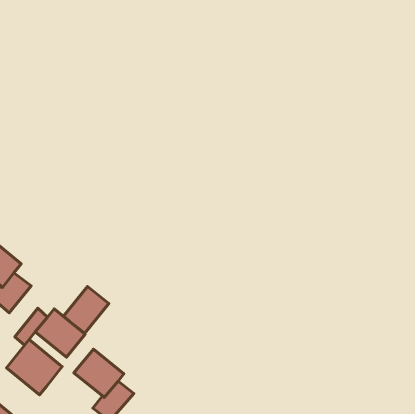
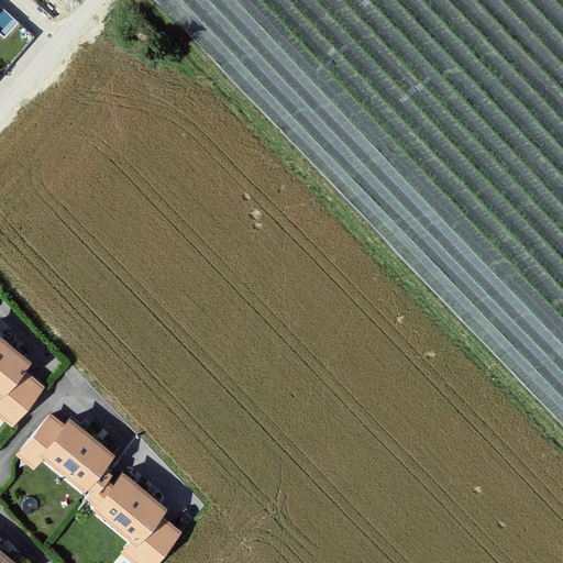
building: [63,287,109,333] -> none
building: [6,339,62,395] -> none

